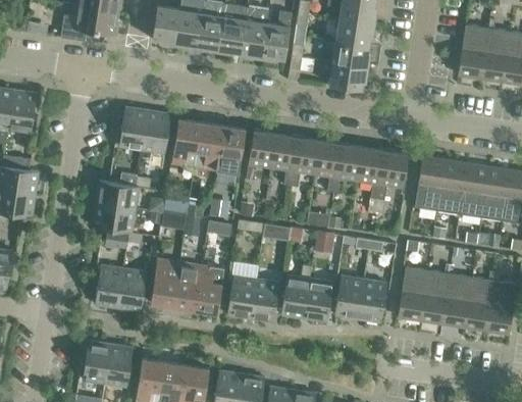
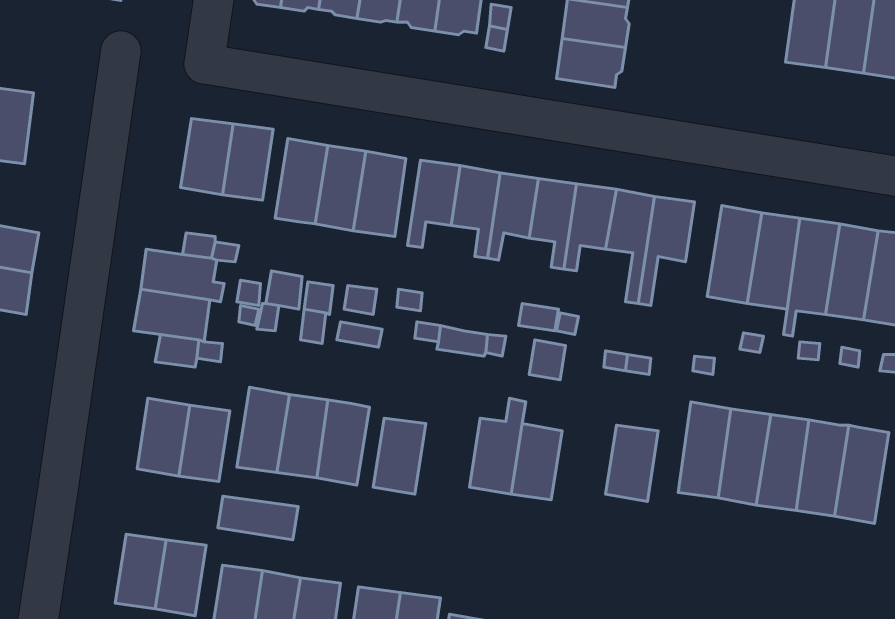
building: [335,275,364,318] -> none
building: [251,279,279,321] -> none
building: none -> [218,496,298,540]

